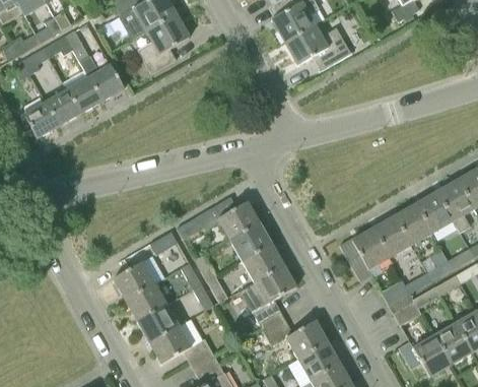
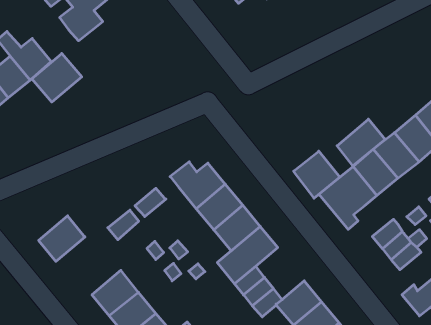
building: none -> [32,53,82,102]
building: none -> [337,119,385,166]
building: none -> [294,151,340,198]
building: [113,261,154,300] -> [39,216,85,261]

